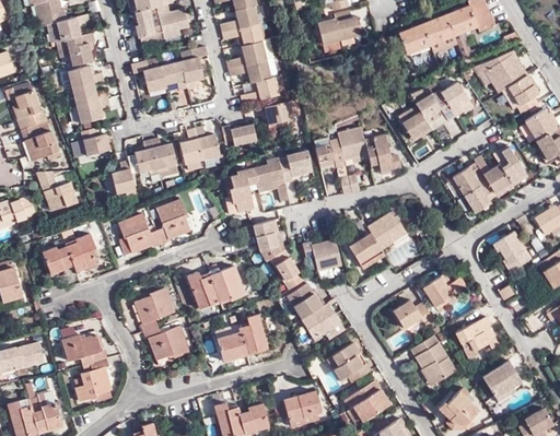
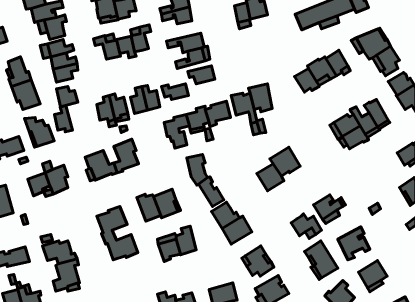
building: [225,39,273,69] -> none
building: [364,132,400,173] -> none
building: [113,162,137,197] -> [54,105,72,132]
building: [492,231,530,270] -> none
building: [303,240,342,272] -> none

